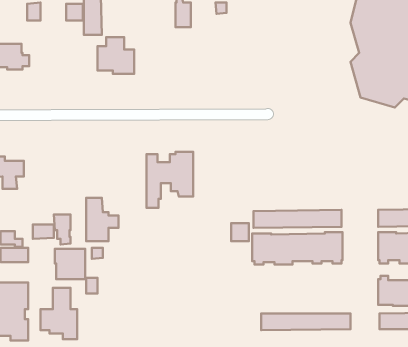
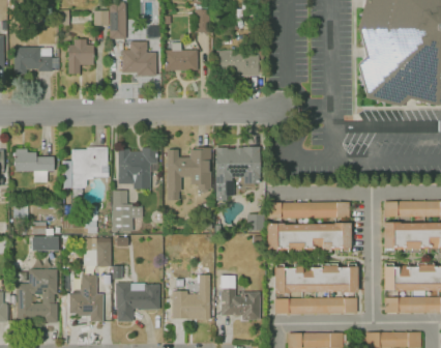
building: none -> [68,39,94,75]
building: none -> [163,50,198,70]
building: none -> [216,50,263,77]
building: none -> [63,147,108,197]
building: none -> [215,147,260,201]
building: none -> [118,148,156,189]
building: none -> [273,266,357,293]
building: none -> [172,274,210,320]
building: none -> [115,283,159,322]
building: none -> [220,287,260,320]

